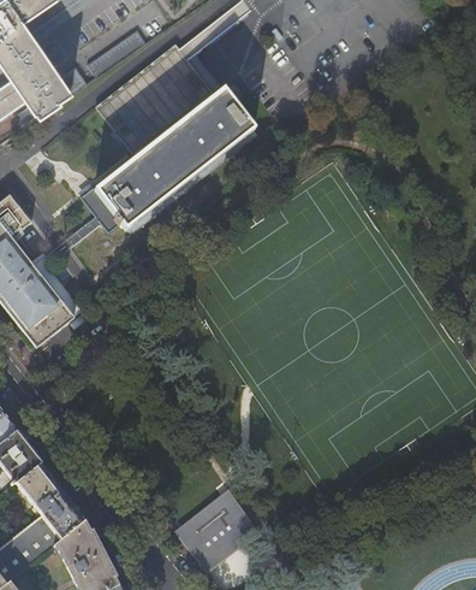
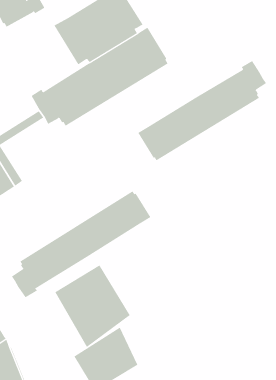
building: none -> [137,60,267,161]
building: none -> [11,190,151,298]
building: none -> [55,265,130,348]

